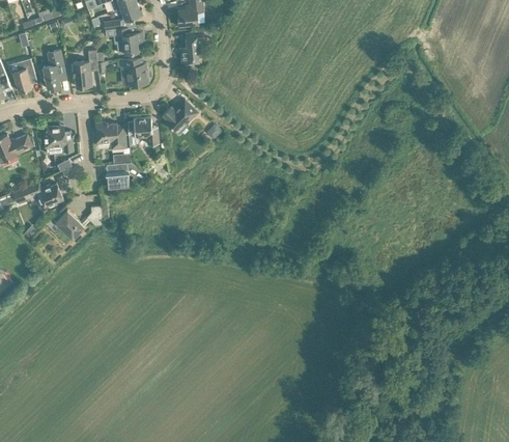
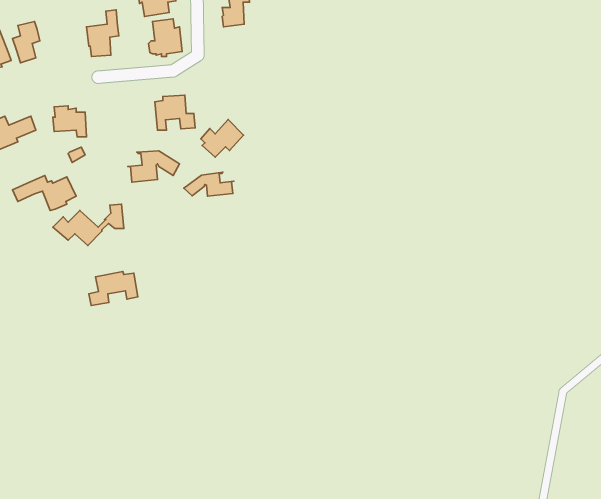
building: [44,50,67,88] -> none
building: [164,99,198,129] -> [201,120,244,157]
building: [94,121,128,148] -> none
building: none -> [184,172,234,196]
building: none -> [89,271,138,306]

